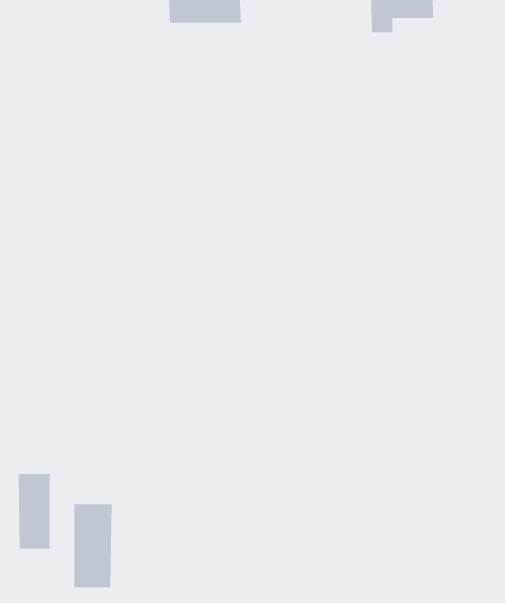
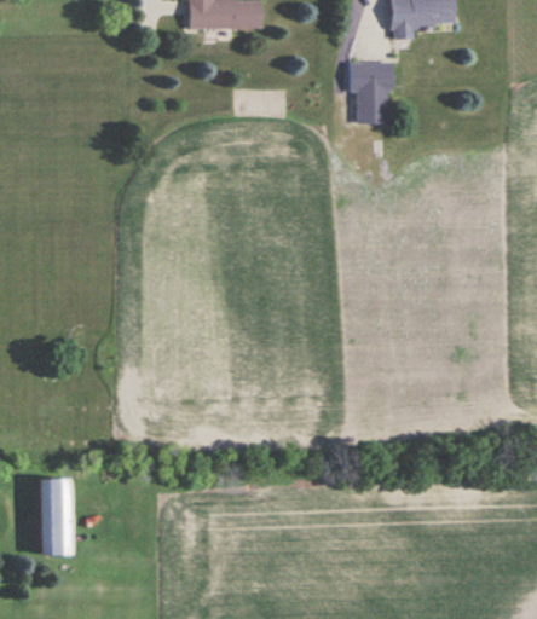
building: none -> [356,63,392,123]
building: [74,504,113,588] -> none

